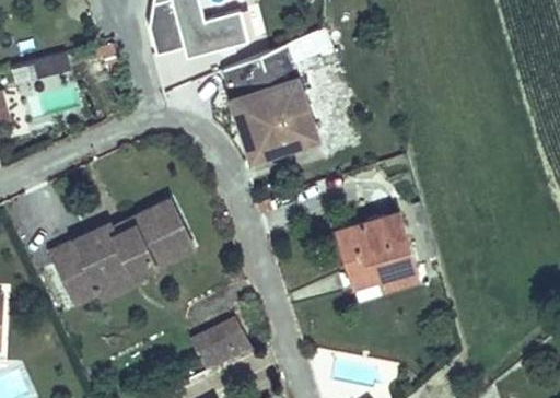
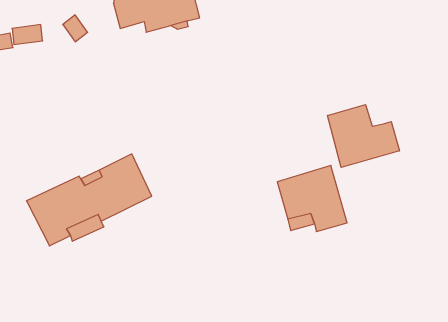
building: [223,28,327,155] -> none
building: none -> [328,105,399,167]
building: [190,316,249,370] -> none

